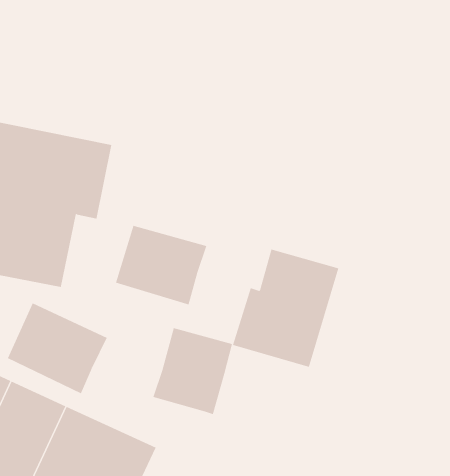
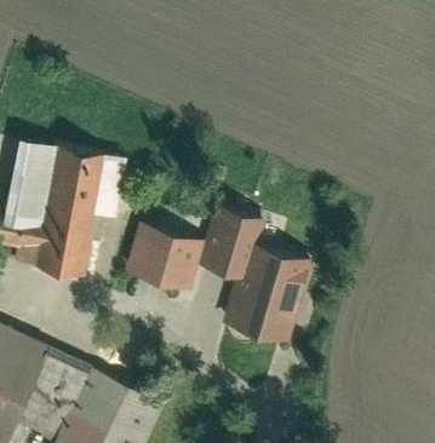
building: [7,303,108,394] -> none
building: [153,327,233,415] -> [196,207,262,278]

